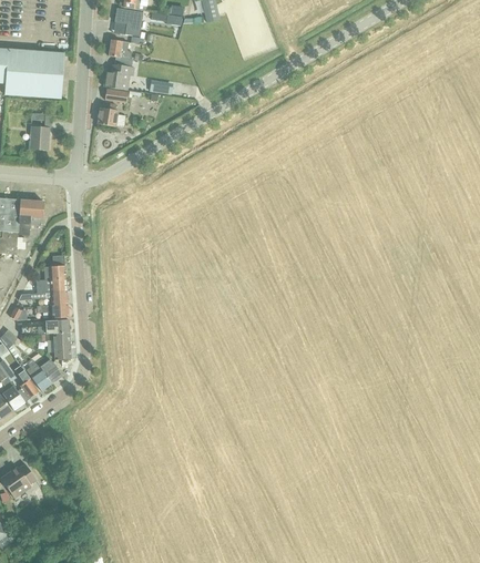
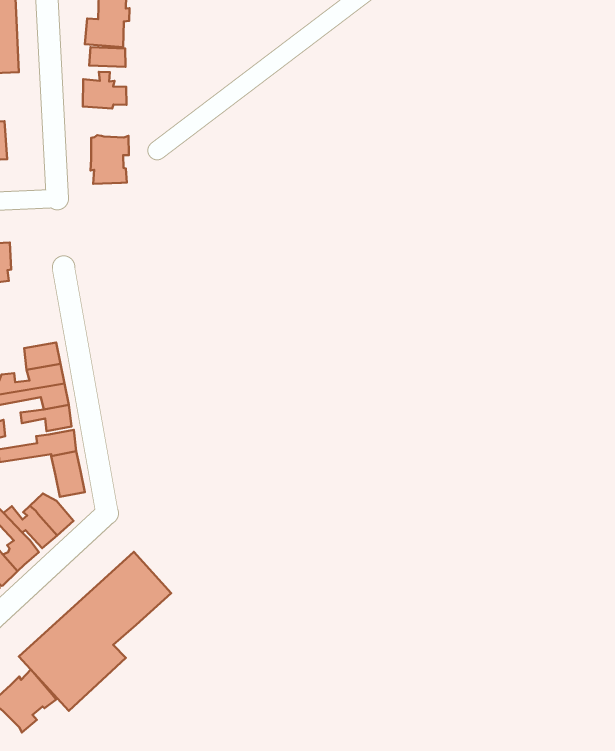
building: none -> [91,135,129,184]
building: none -> [19,552,171,711]

